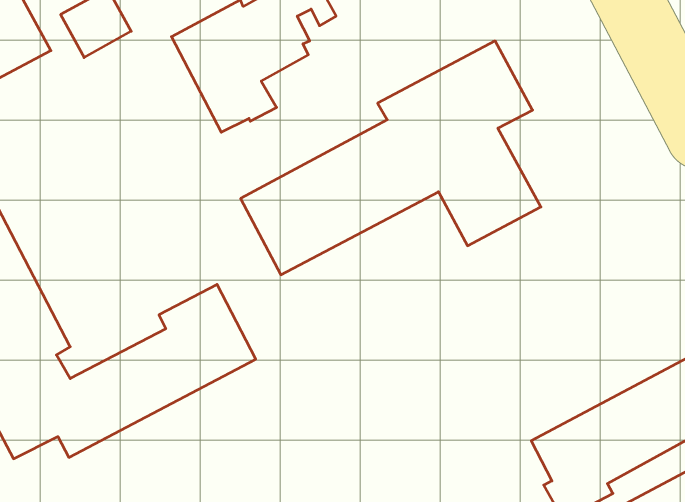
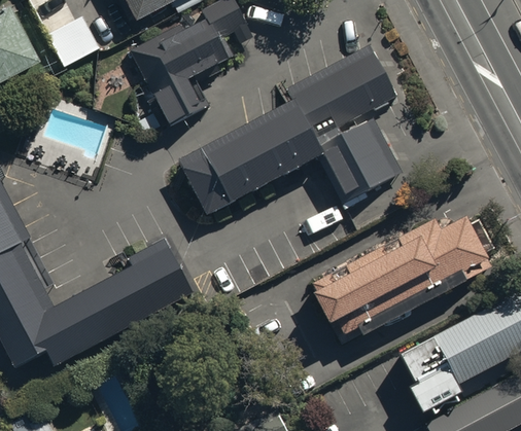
building: none -> [308,217,488,334]

